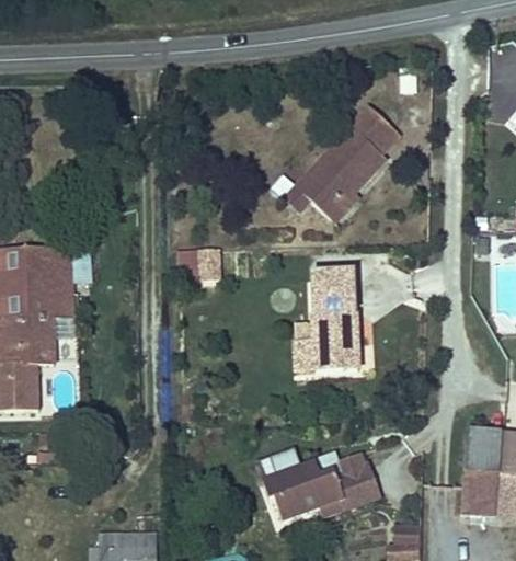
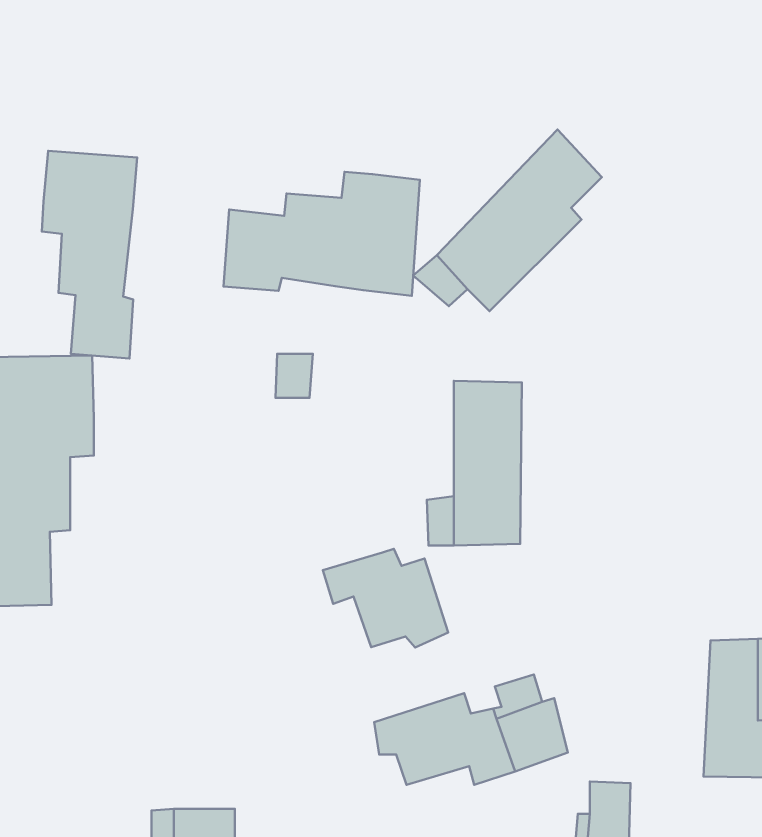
building: none -> [42,151,137,358]
building: none -> [223,172,420,296]
building: none -> [323,549,448,647]

